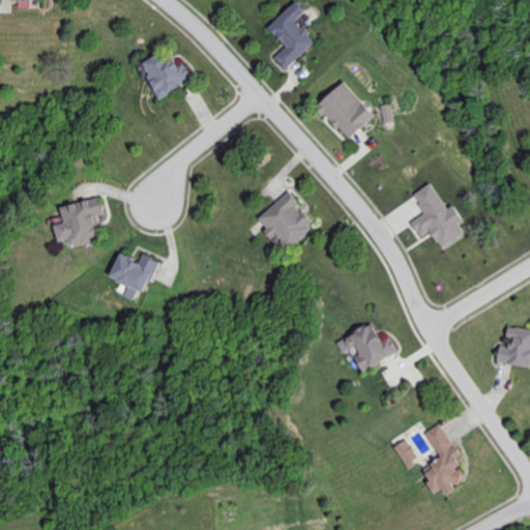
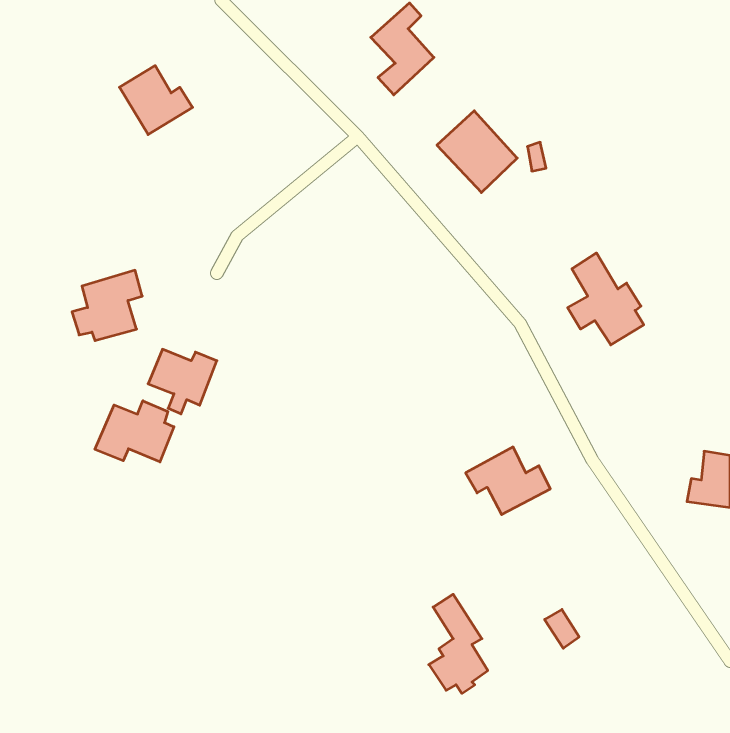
building: [139,49,192,98] -> [119,66,193,135]
building: [255,194,314,251] -> none
building: none -> [95,401,174,462]
building: [420,424,463,496] -> [429,594,488,693]

